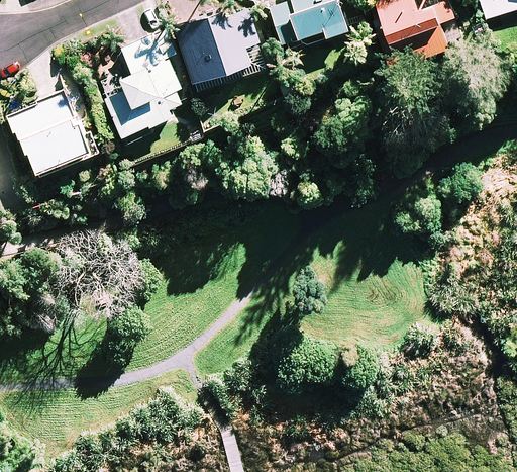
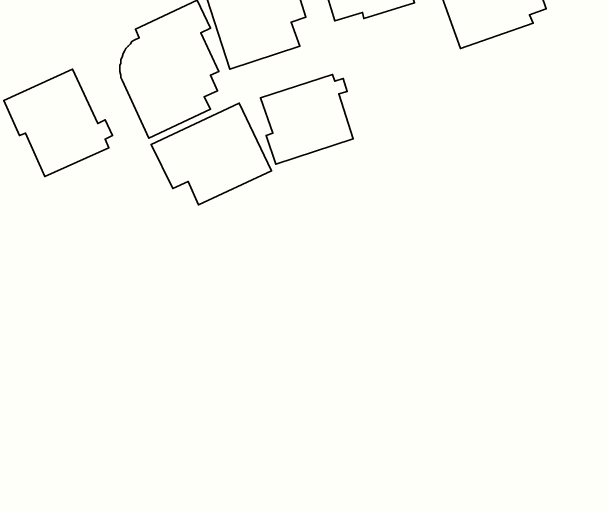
building: none -> [261,74,353,164]
building: none -> [151,103,271,205]

